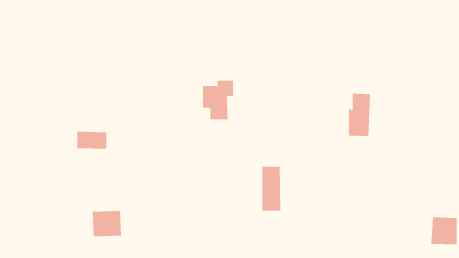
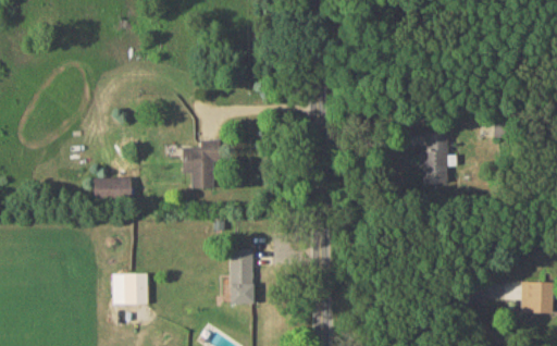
building: [202,80,234,120] -> [183,140,221,188]
building: [261,166,281,211] -> [230,249,253,304]

